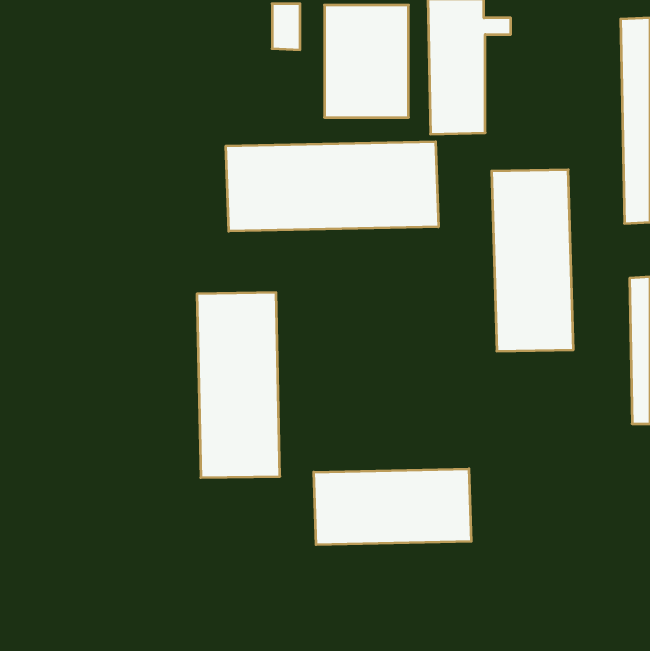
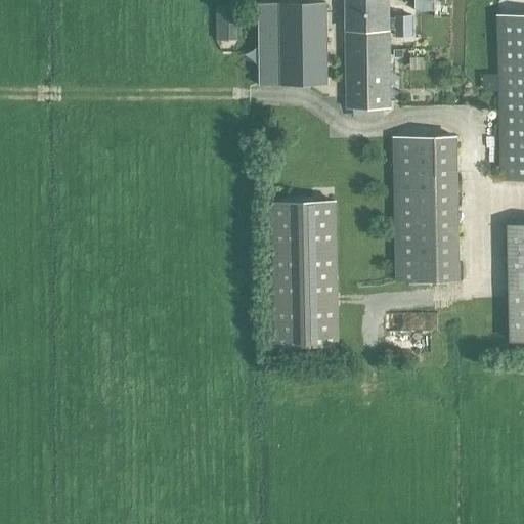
building: [226,142,438,231] -> none
building: [197,293,280,478] -> [272,199,339,347]
building: [314,469,471,545] -> none

